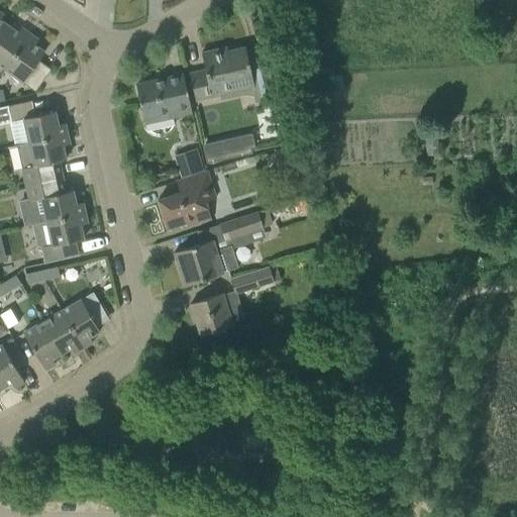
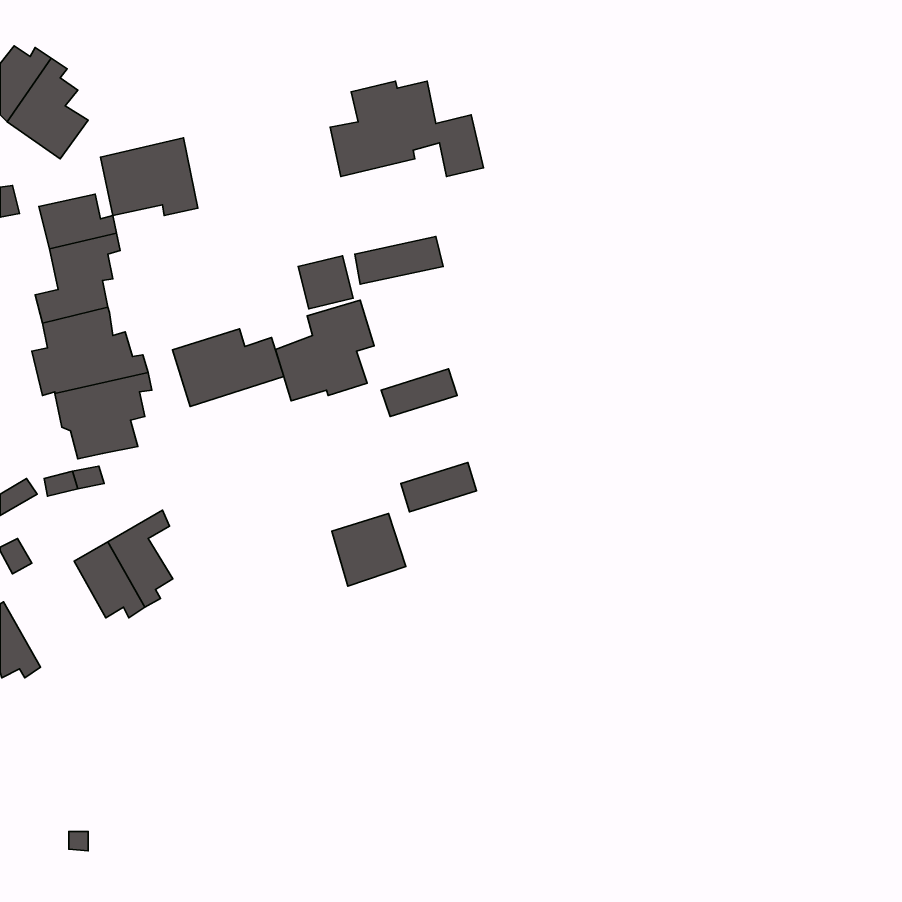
building: [135,73,191,117] -> [101,138,198,215]
building: [174,240,237,285] -> [173,329,284,406]
building: [22,321,61,370] -> none

